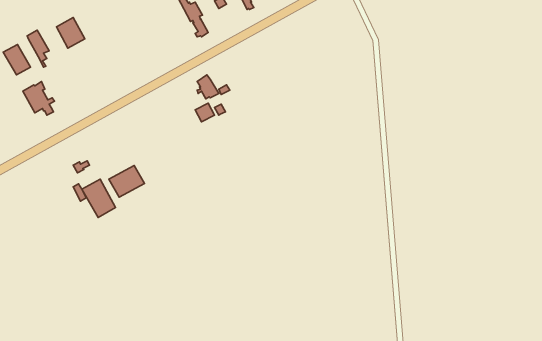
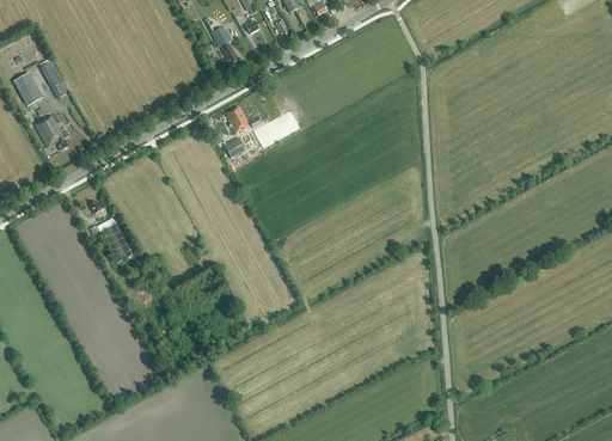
building: [56,17,85,48] -> none
building: [109,166,144,197] -> none

